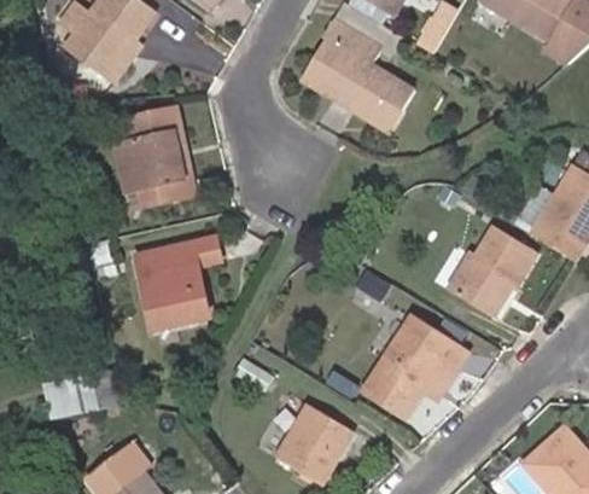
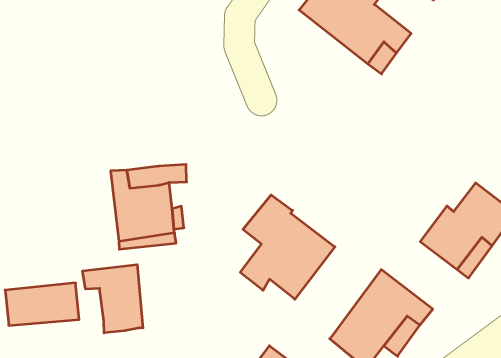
building: [115,106,192,204] -> none
building: none -> [240,195,335,299]
building: none -> [83,265,143,333]

